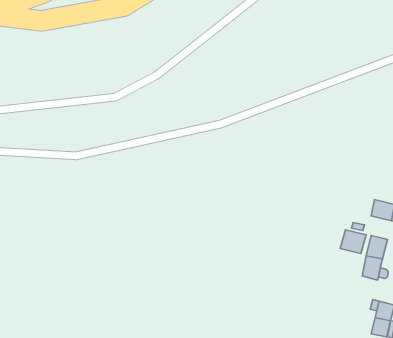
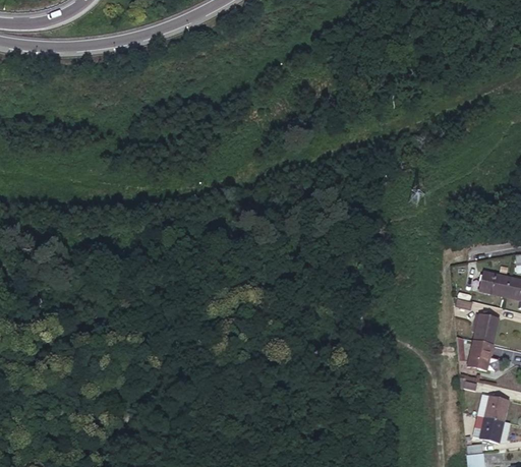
building: [340,230,366,254] -> none

